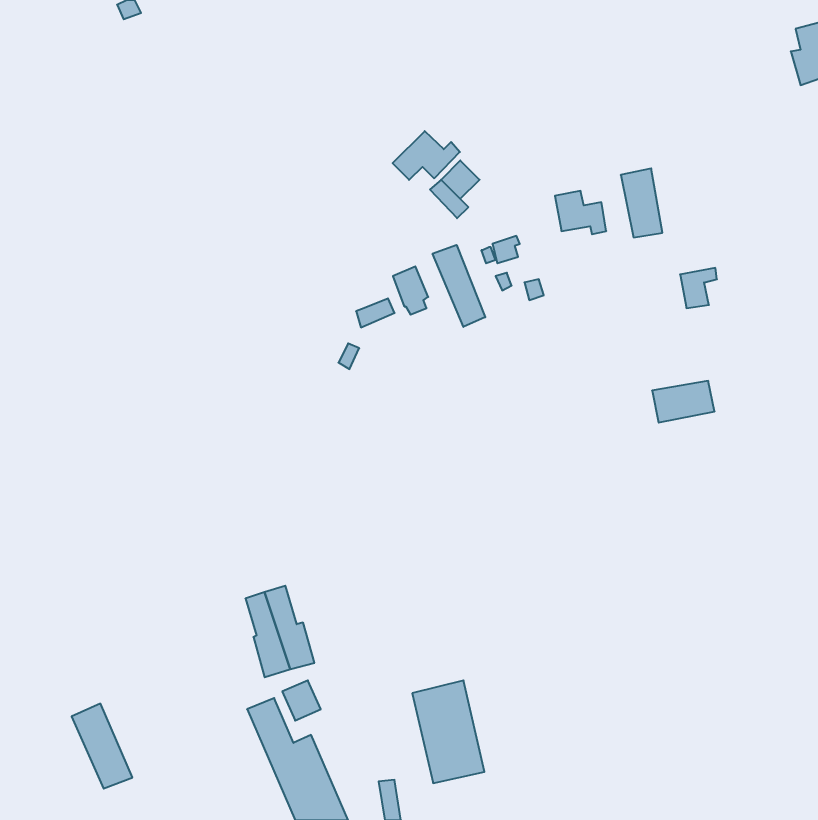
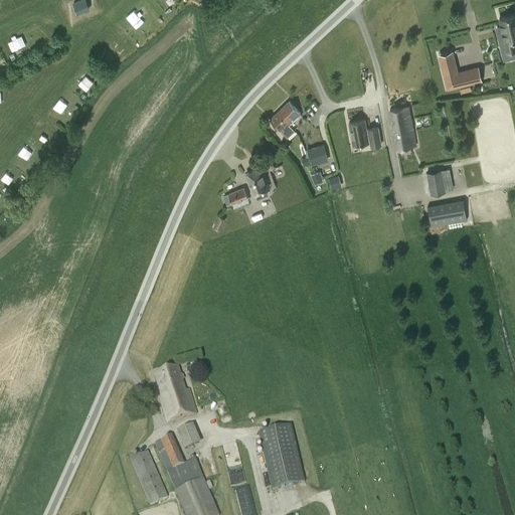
building: none -> [441,54,482,89]
building: [393,131,460,180] -> none
building: [433,245,485,327] -> none
building: [652,381,715,423] -> [428,200,468,226]
building: [72,704,132,789] -> [131,453,169,506]

